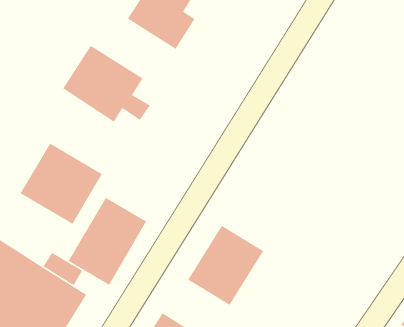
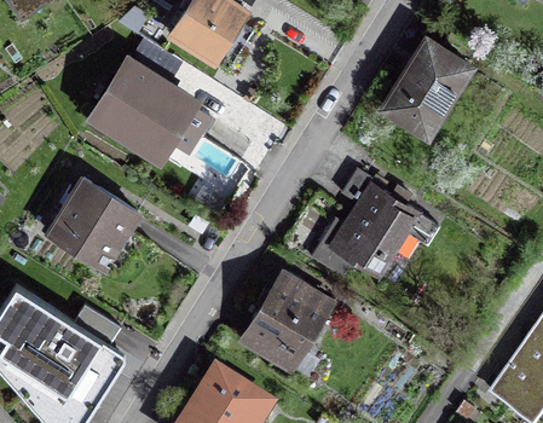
building: none -> [382,37,469,128]
building: none -> [311,168,438,274]
building: [68,197,147,286] -> none

